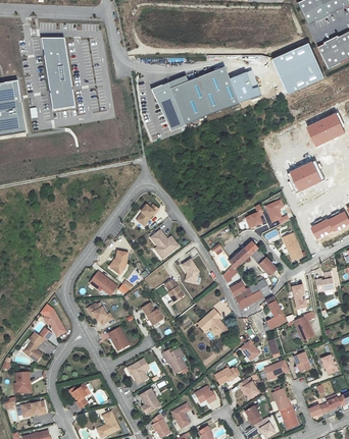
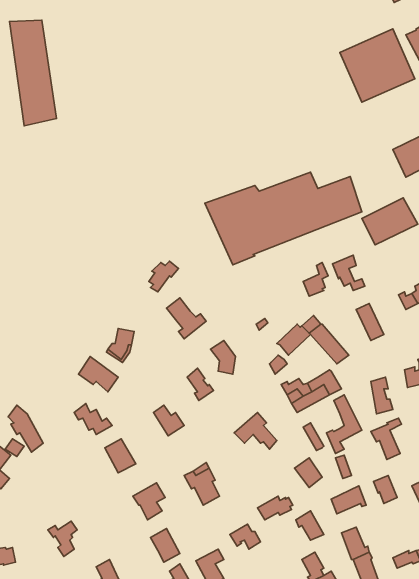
building: [150,66,259,130] -> [205,172,362,265]

